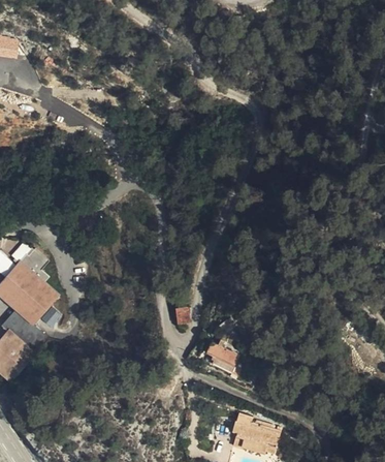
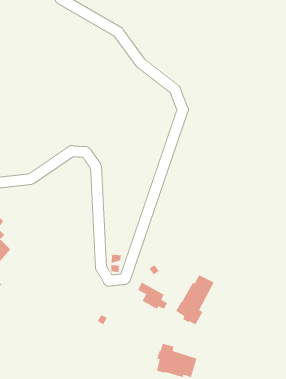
building: none -> [175,274,215,325]

